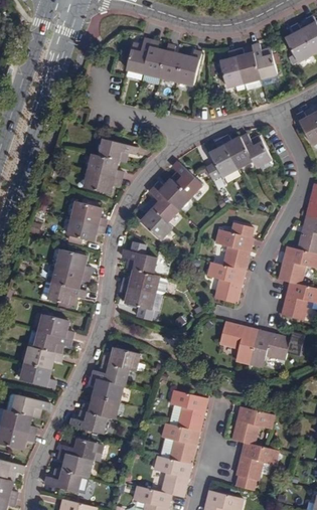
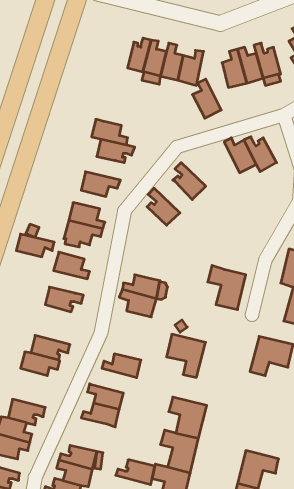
building: [209,140,237,178] -> [192,79,221,118]
building: [87,152,122,177] -> [92,119,128,145]
building: [154,178,191,209] -> none
building: [140,203,172,240] -> none
building: [214,227,252,270] -> none
building: [123,247,156,274] -> none
building: [51,266,89,288] -> [16,234,54,257]
building: [37,313,73,338] -> none
building: [218,322,257,364] -> [167,334,206,377]
building: [19,361,53,387] -> none
building: [93,361,130,385] -> none
building: [231,405,274,444] -> none
building: [69,409,108,434] -> [116,460,155,485]

